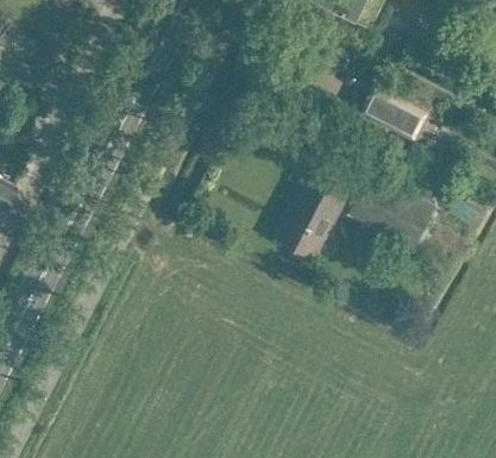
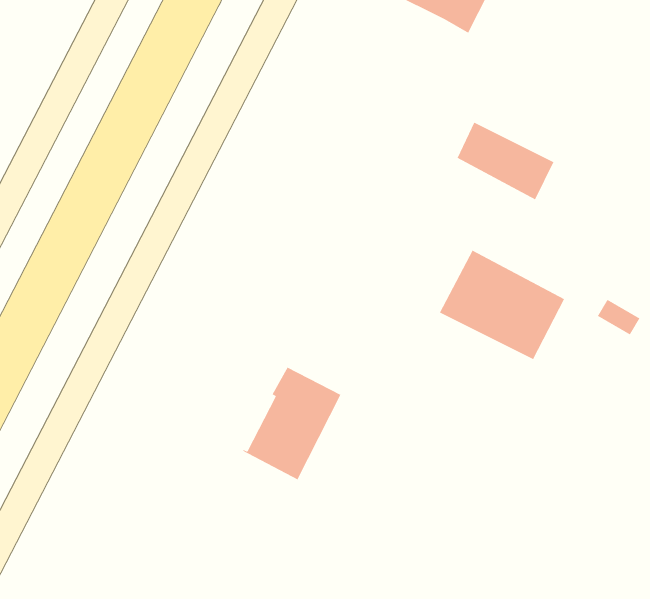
building: [277,178,345,256] -> [242,367,342,481]

